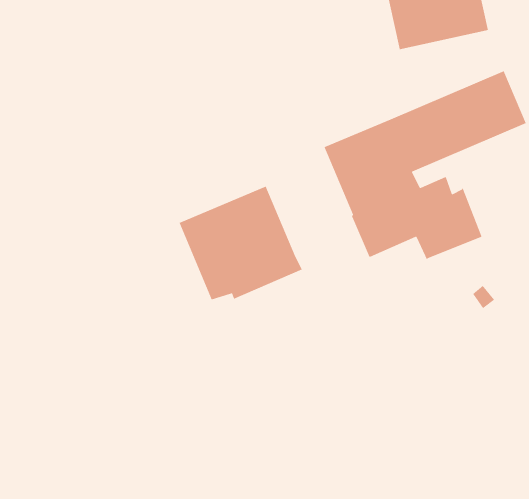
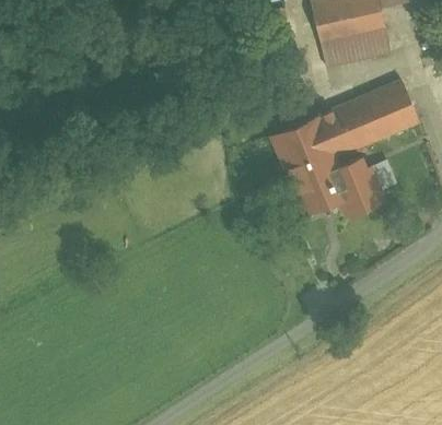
building: [179,186,303,301] -> none

